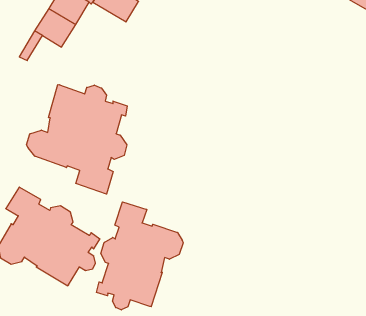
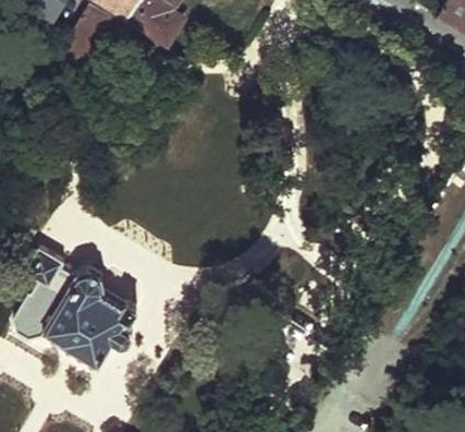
building: [27,85,127,194] -> none
building: [96,202,183,310] -> none

